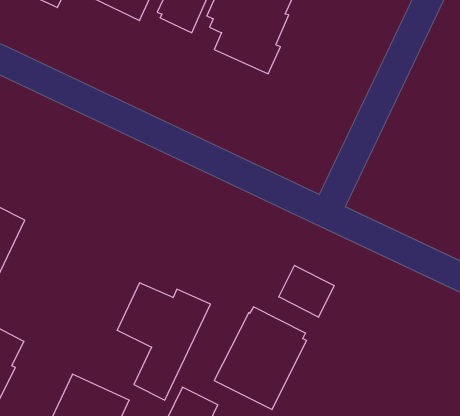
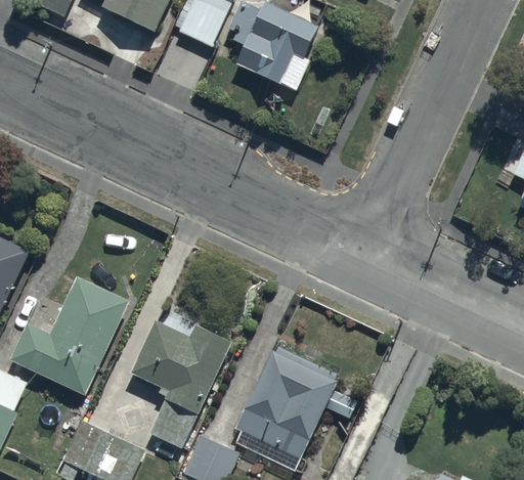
building: none -> [10,277,128,395]
building: [279,265,334,317] -> none

